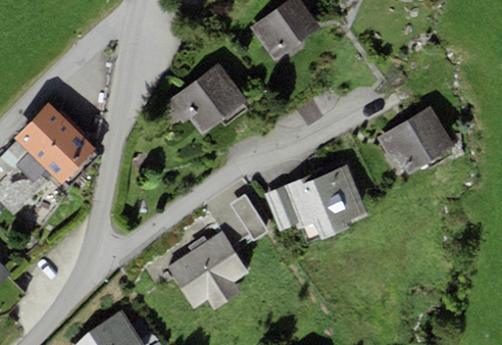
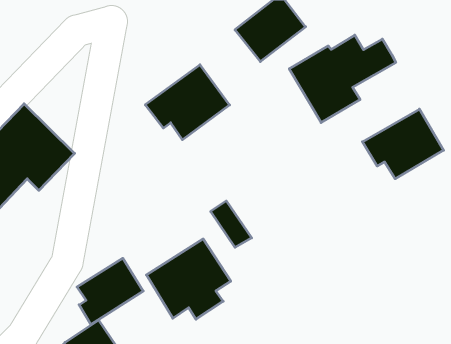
building: none -> [289,35,396,123]
building: [263,165,366,240] -> none
building: none -> [77,258,143,324]

